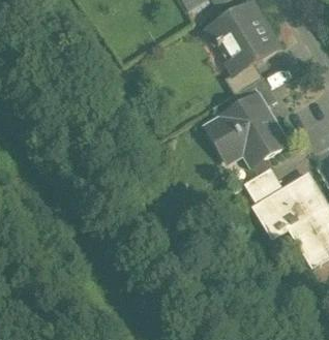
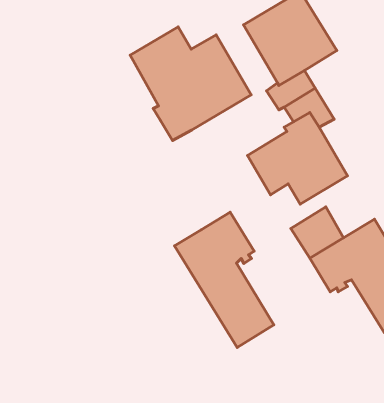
building: none -> [130,27,251,141]
building: none -> [175,212,274,348]

